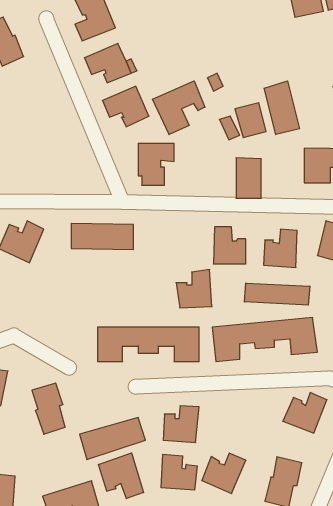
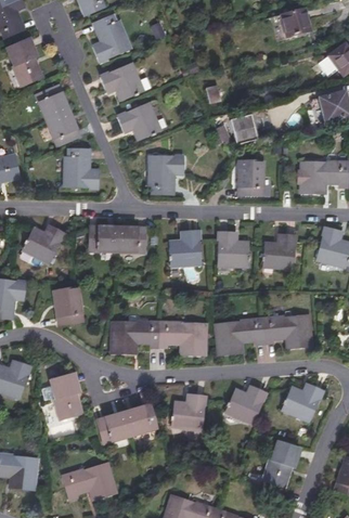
building: none -> [36,88,79,147]
building: [264,81,299,135] -> none
building: [153,81,205,135] -> none
building: none -> [65,151,98,187]
building: [176,270,212,308] -> [168,231,201,266]
building: [244,283,310,305] -> none
building: none -> [53,286,81,324]
building: [98,453,144,499] -> none
building: [202,453,246,494] -> [225,385,266,422]
building: [161,454,197,490] -> none

